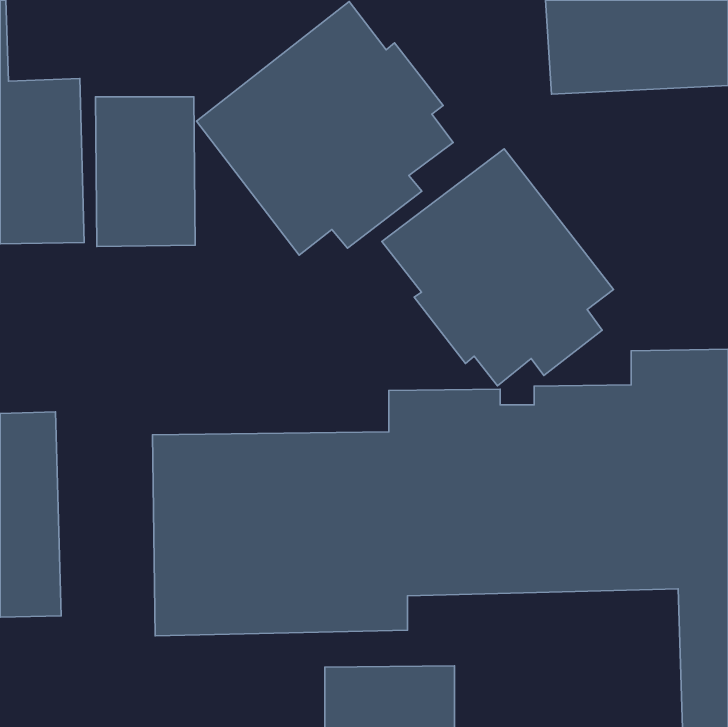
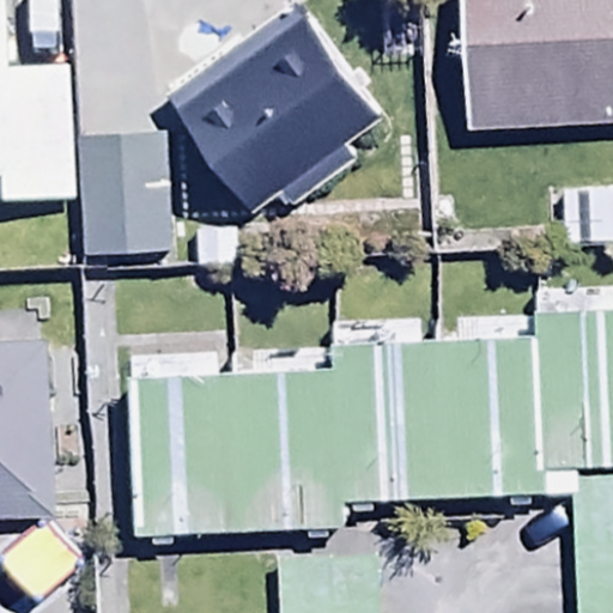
building: [382,149,613,386] -> none

